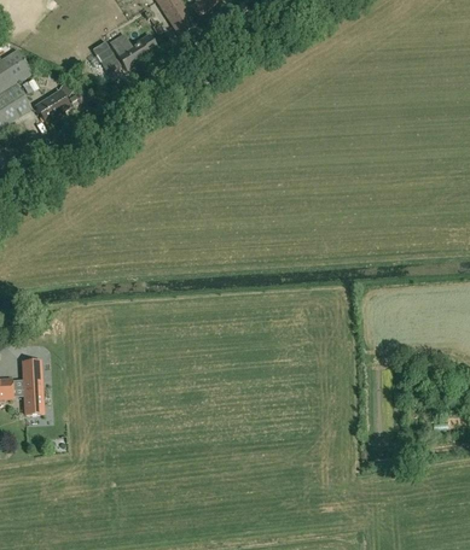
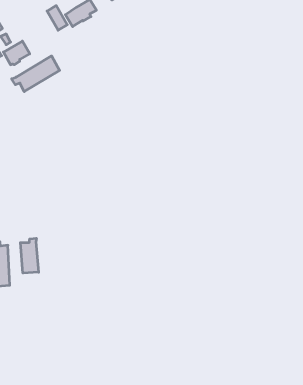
building: none -> [12,56,60,92]
building: none -> [20,238,39,273]

